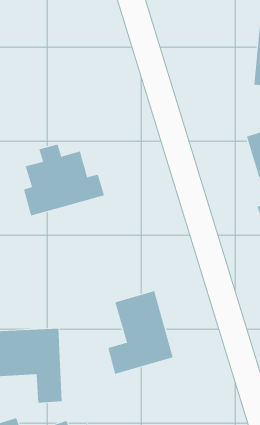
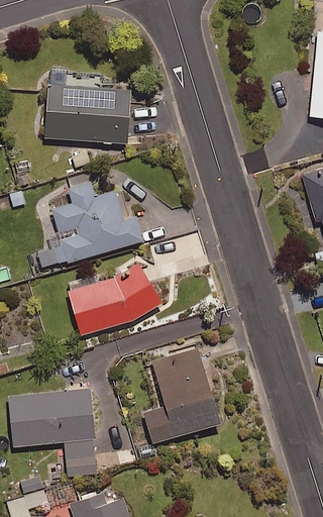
building: none -> [45,76,131,143]
building: none -> [67,263,163,334]

